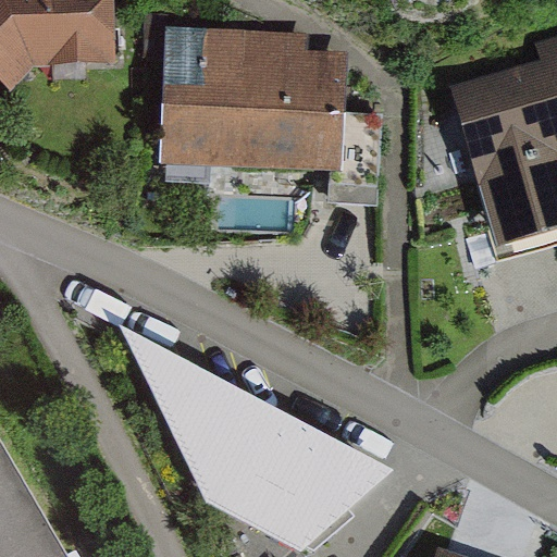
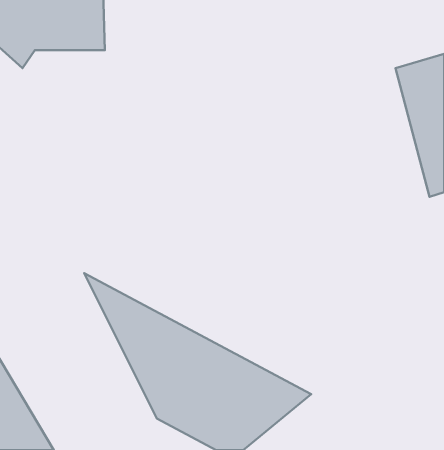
building: [180,26,347,161] -> none

